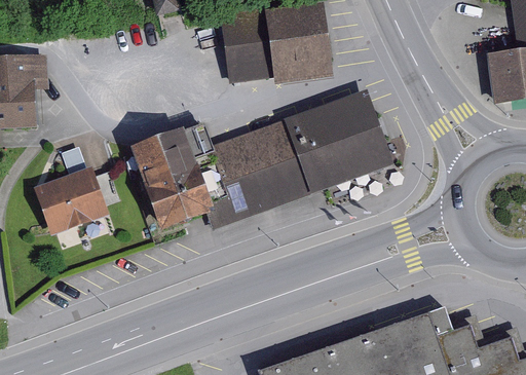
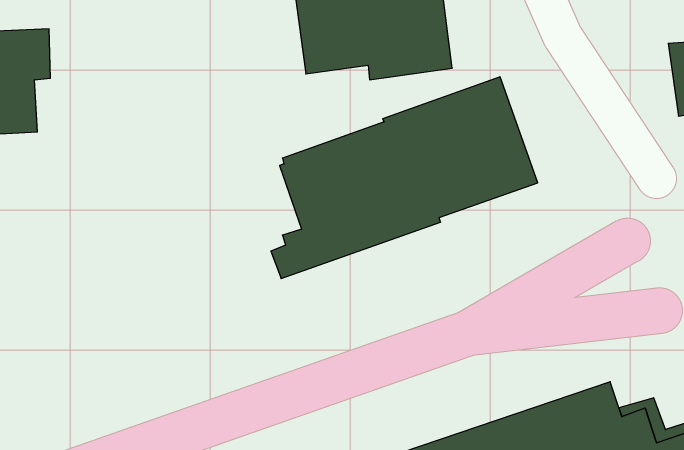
building: [130,120,227,227] -> none
building: [34,165,110,235] -> none

